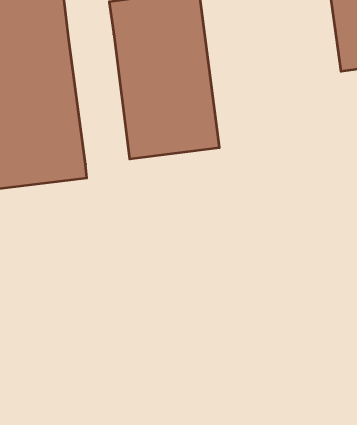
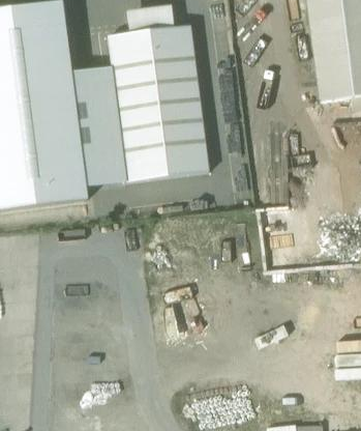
building: none -> [69,66,125,186]

